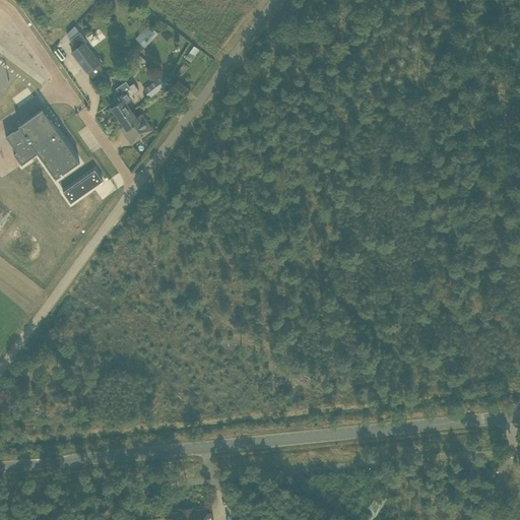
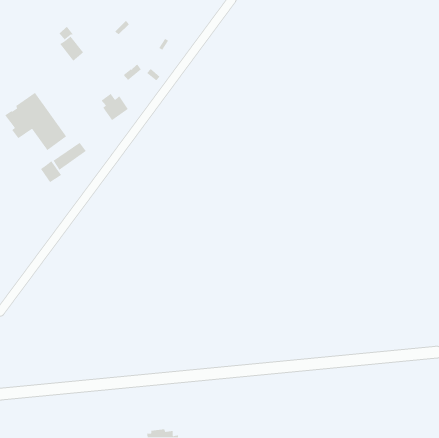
building: [111,83,138,119] -> none
building: none -> [40,160,62,183]

